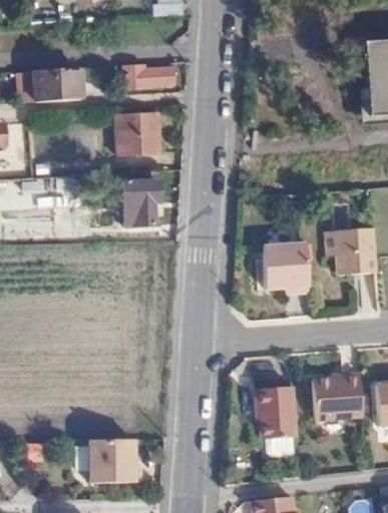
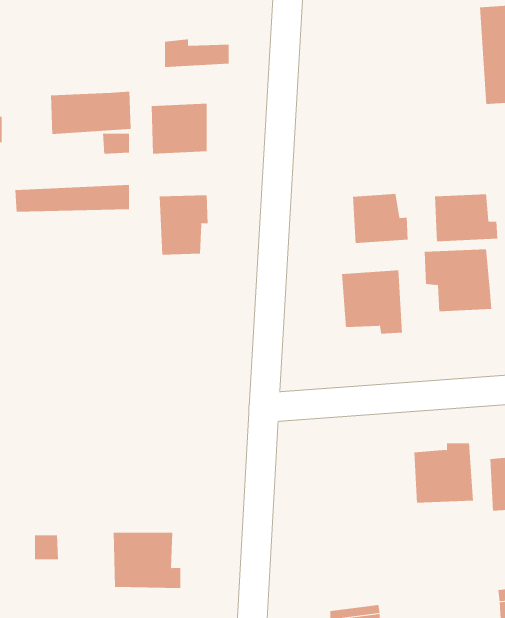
building: [20,70,82,103] -> [50,91,132,134]
building: none -> [353,193,408,244]
building: none -> [434,194,498,242]
building: [255,385,297,439] -> none

